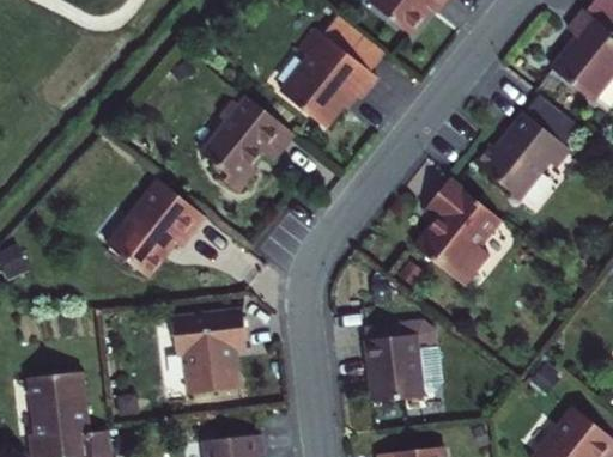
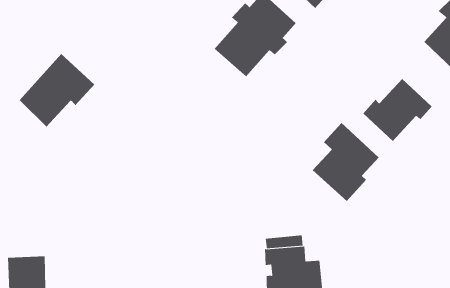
building: [202,93,295,188] -> none
building: [110,185,207,282] -> [19,53,95,127]
building: [172,318,245,401] -> none

